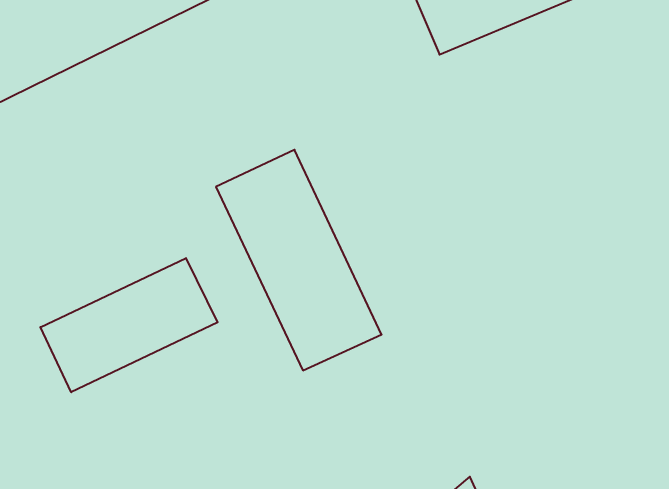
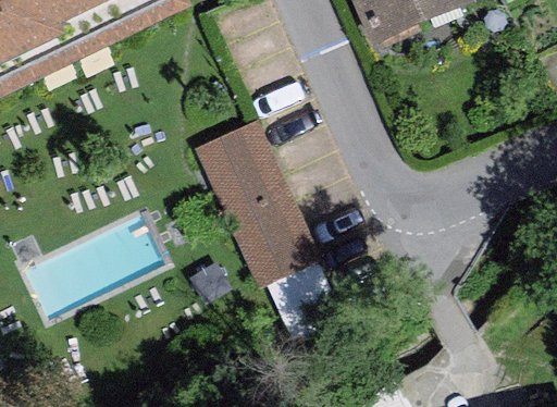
building: [40,258,218,392] -> none

